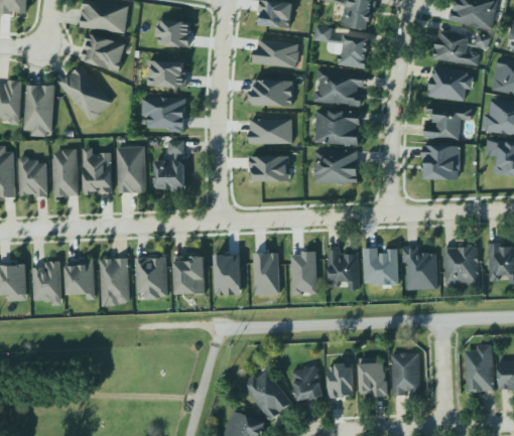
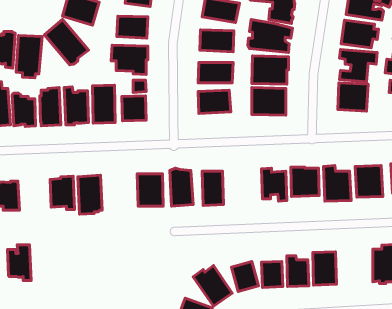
building: [291,252,317,294] -> none
building: [134,256,167,298] -> none
building: [32,262,61,306] -> [8,245,31,280]

